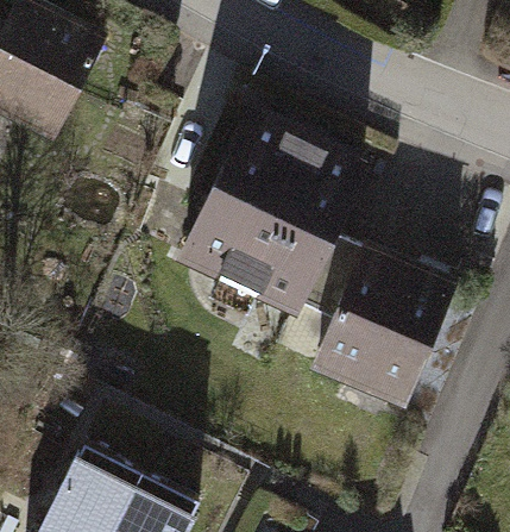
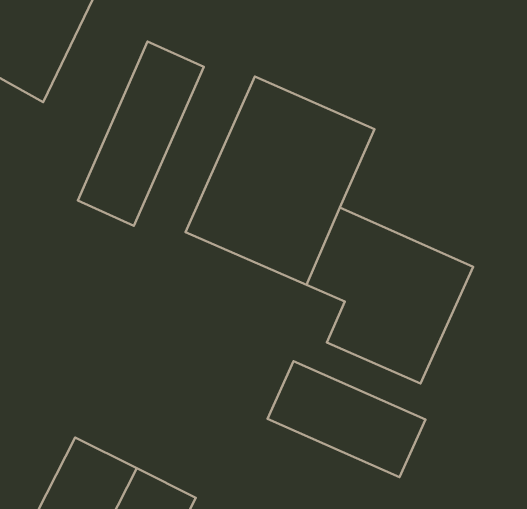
building: none -> [78,41,204,226]
building: none -> [268,361,426,477]

